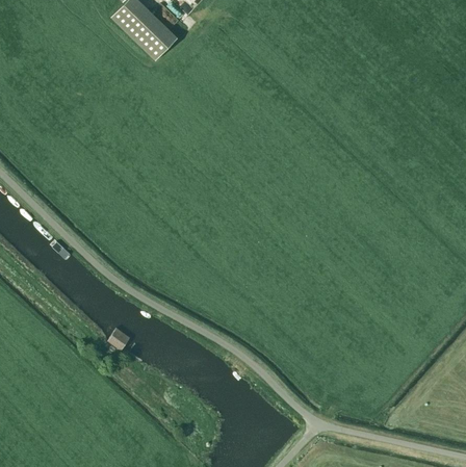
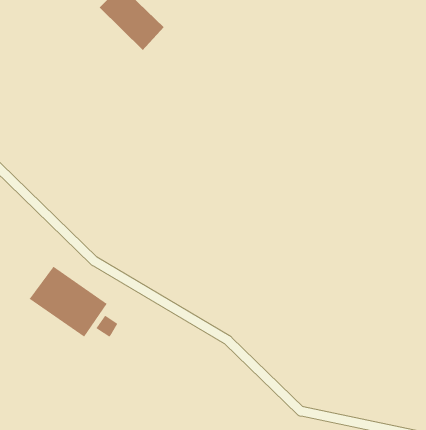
building: none -> [29,266,107,338]

